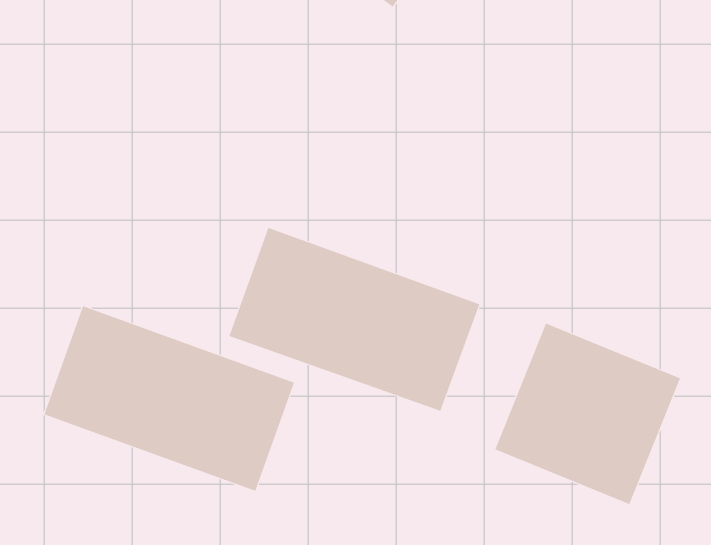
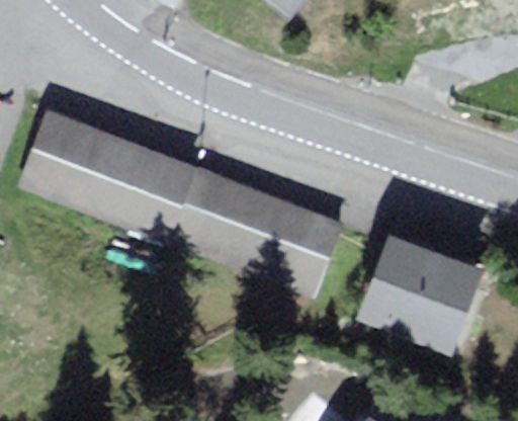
building: [43,305,295,492] -> [20,112,195,242]

